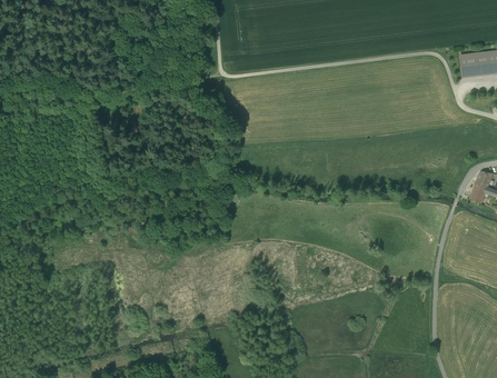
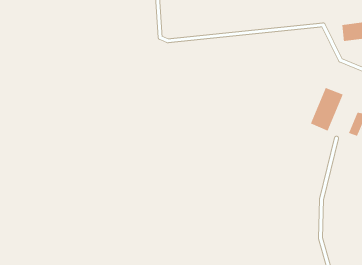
building: none -> [310,87,344,132]

